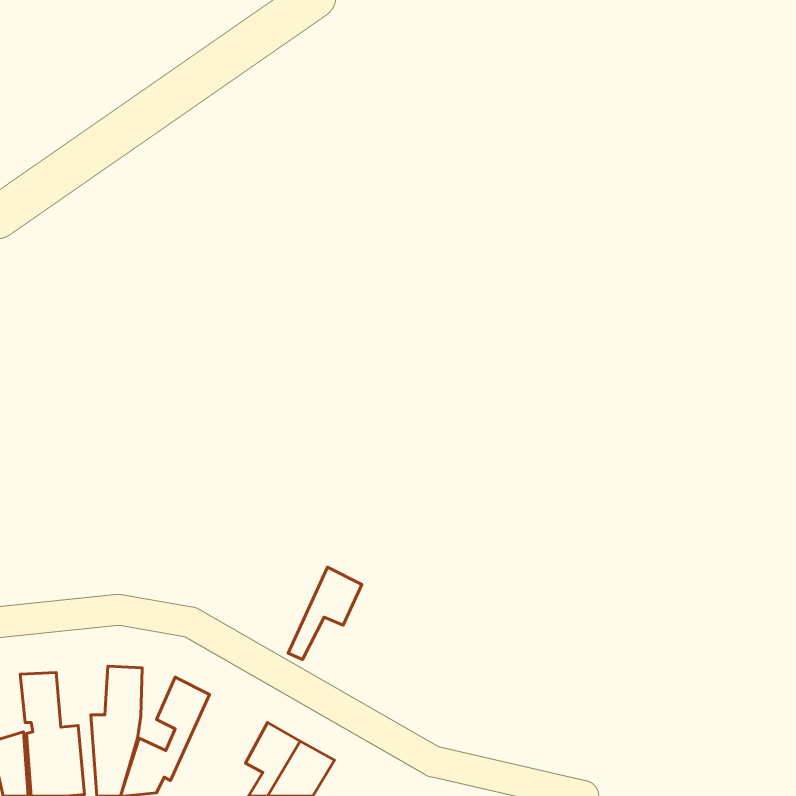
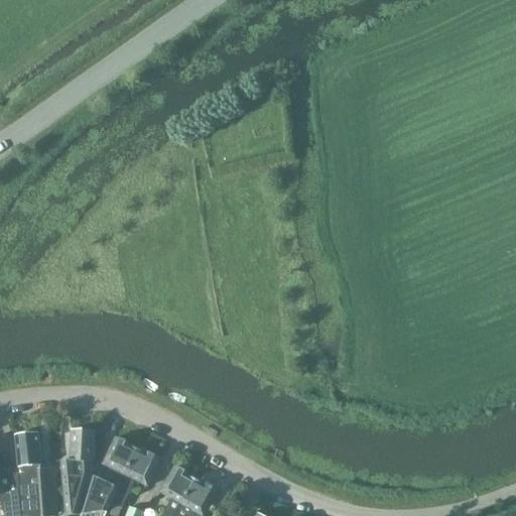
building: [288,567,362,660] -> [110,447,157,507]

